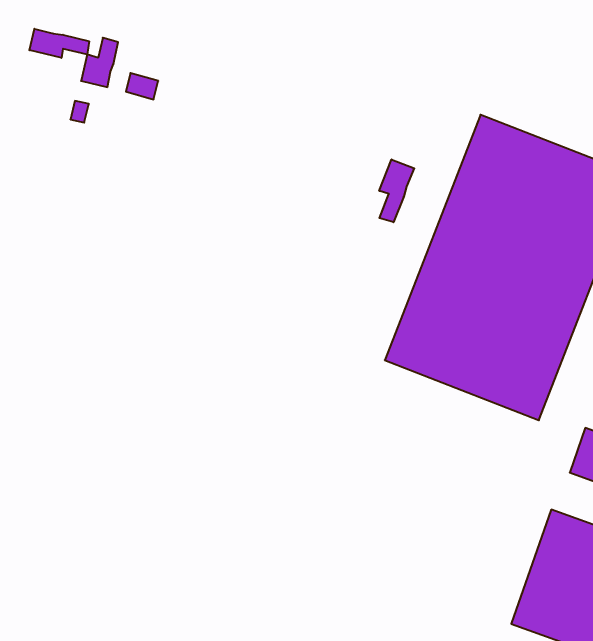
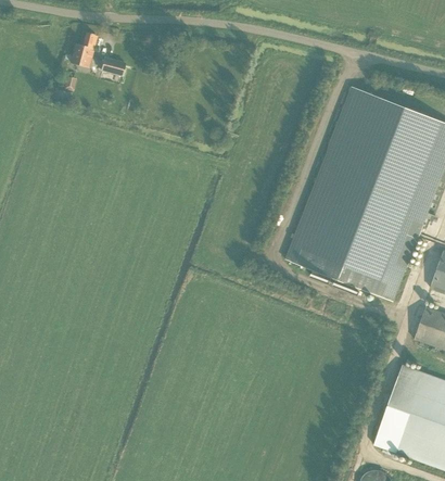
building: [29,29,89,58] -> none
building: [379,159,414,222] -> none

